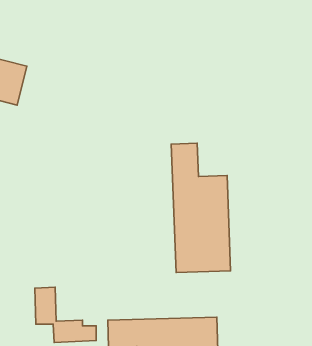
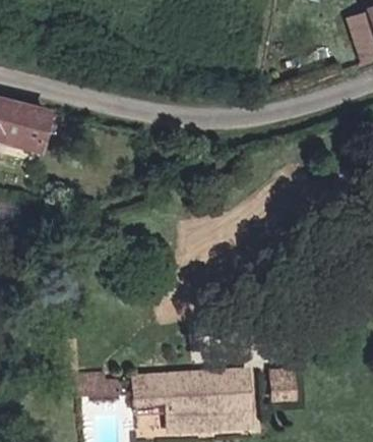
building: [171,143,230,273] -> none

